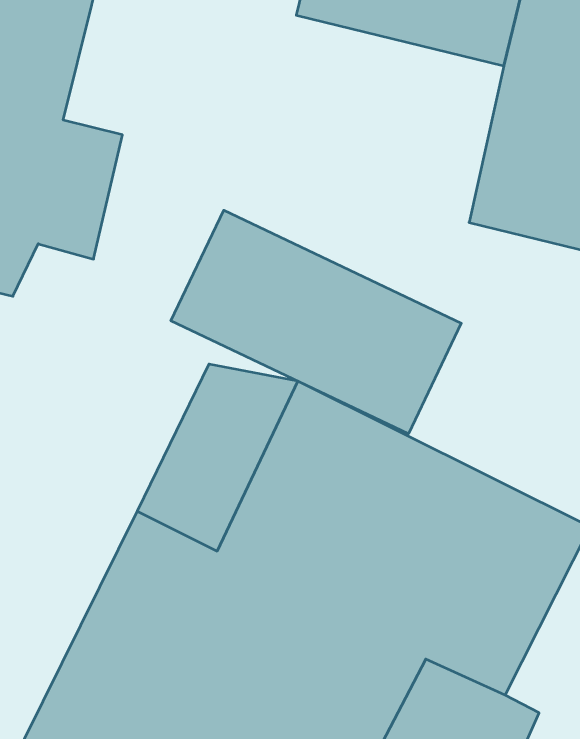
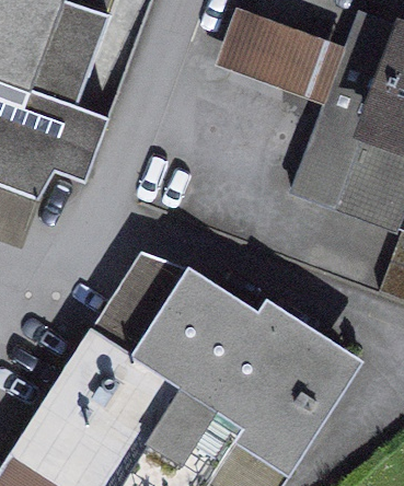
building: [171,210,461,434] -> none

